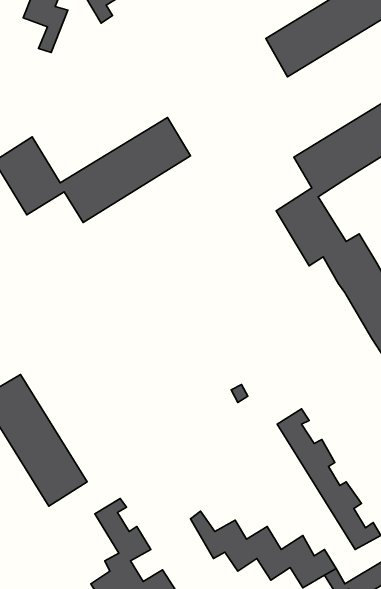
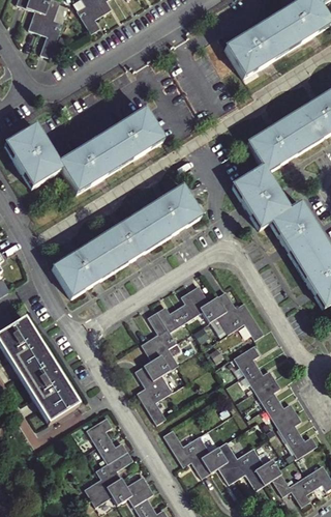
building: none -> [52,185,201,297]
building: none -> [134,285,263,424]

